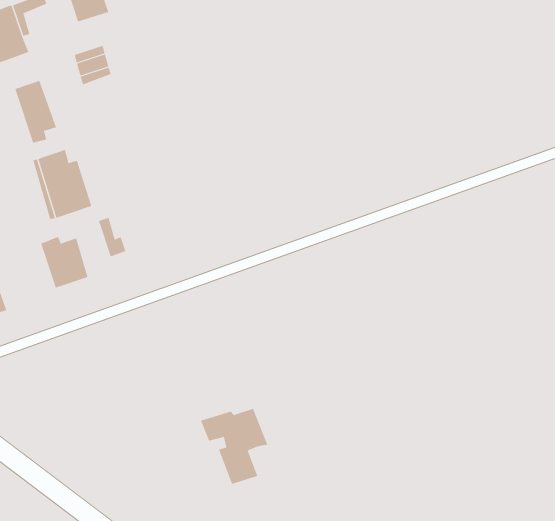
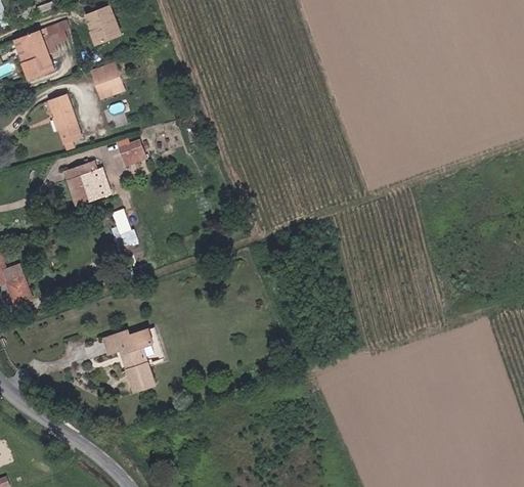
building: none -> [117,137,141,162]
building: [40,236,88,288] -> none
building: [200,408,268,485] -> [110,328,167,393]

